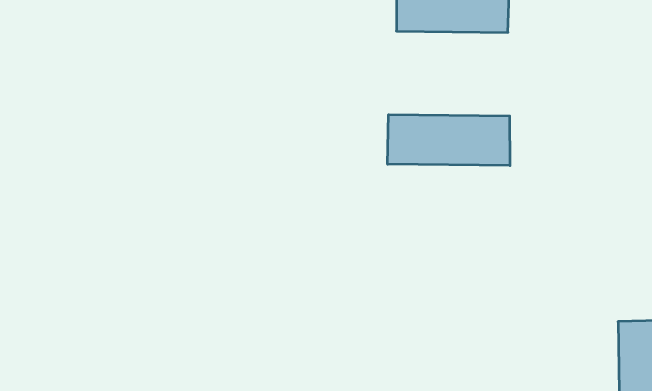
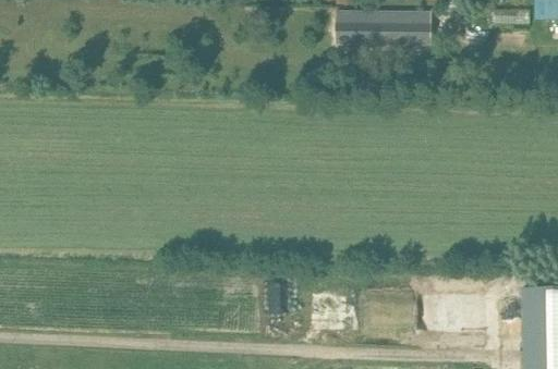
building: [388,115,510,166] -> none

